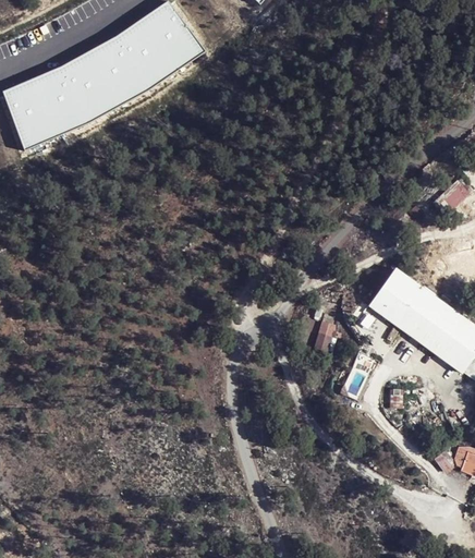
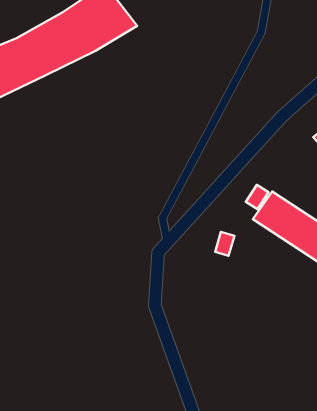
building: none -> [246,185,269,209]

